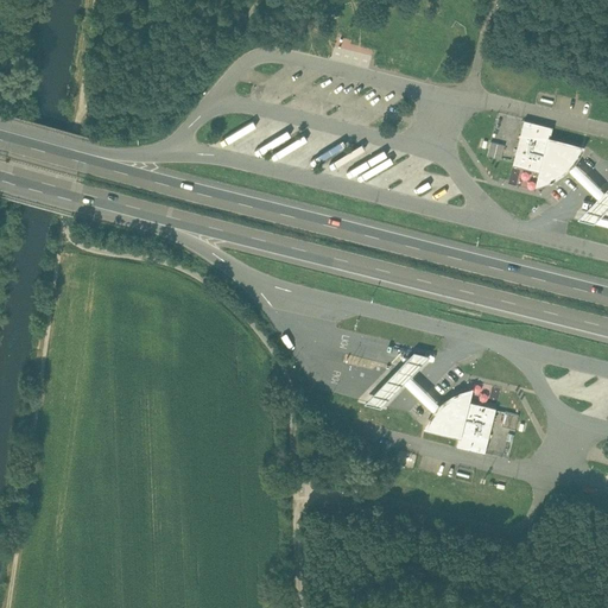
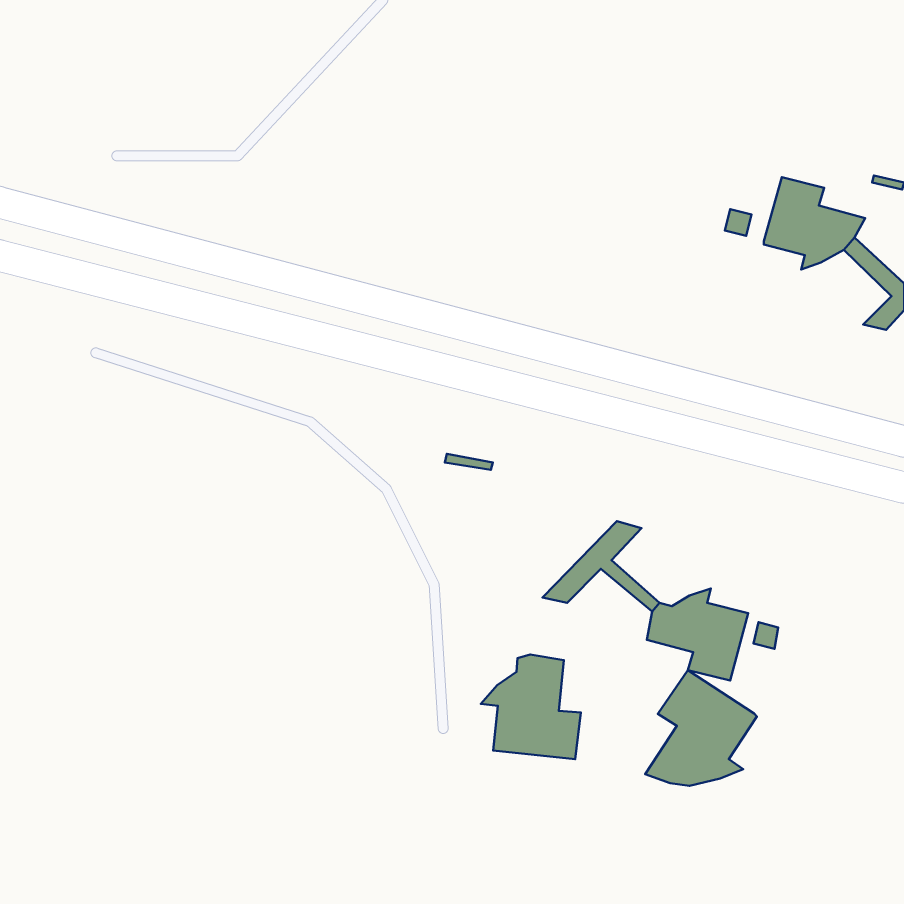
building: none -> [481,654,581,759]
building: none -> [645,670,757,786]

